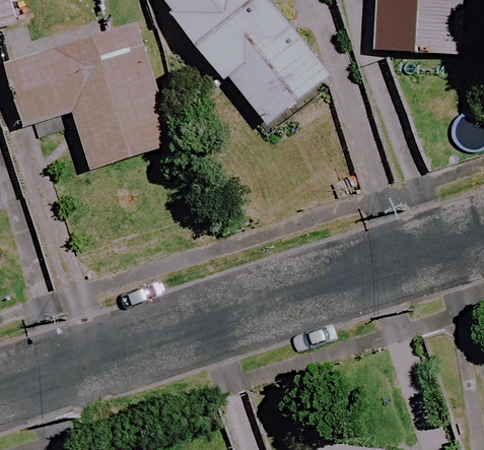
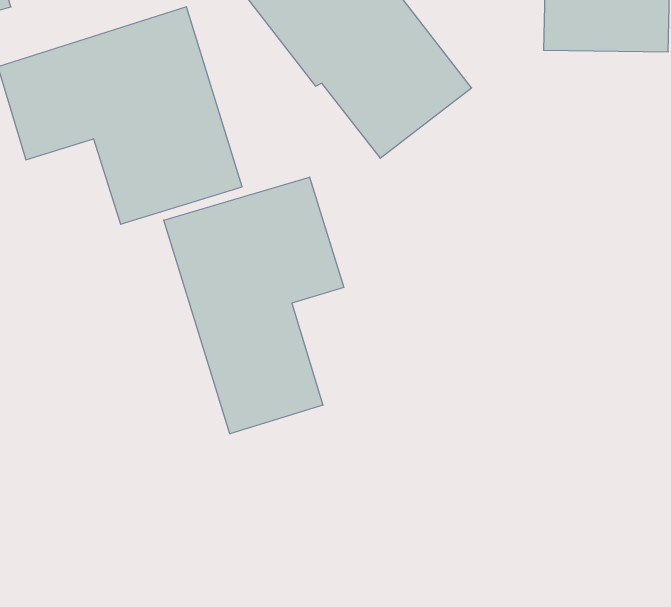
building: none -> [164,177,344,434]

